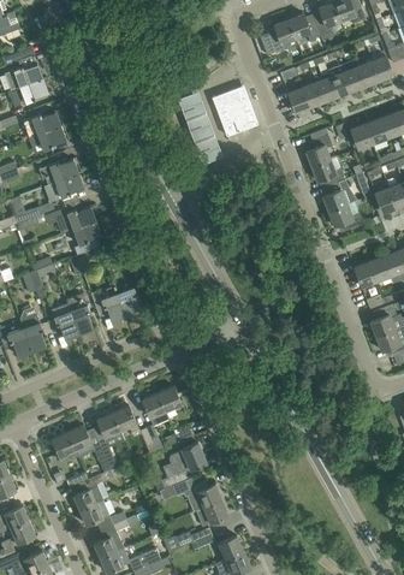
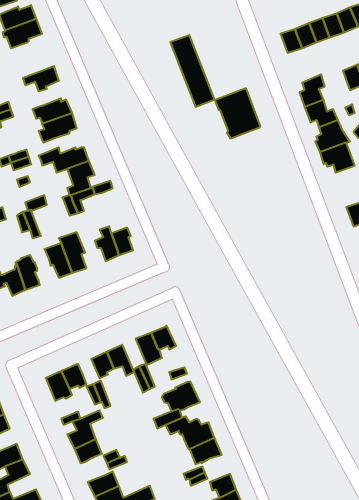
building: [212,85,257,136] -> [215,88,260,138]
building: [23,112,60,137] -> none

